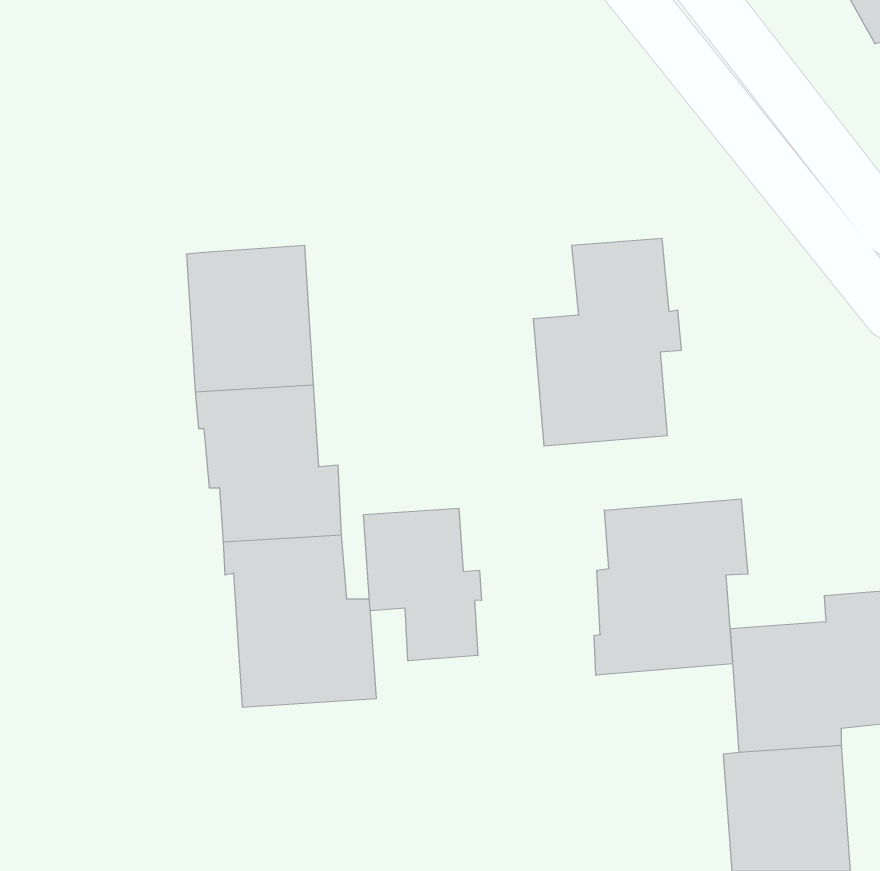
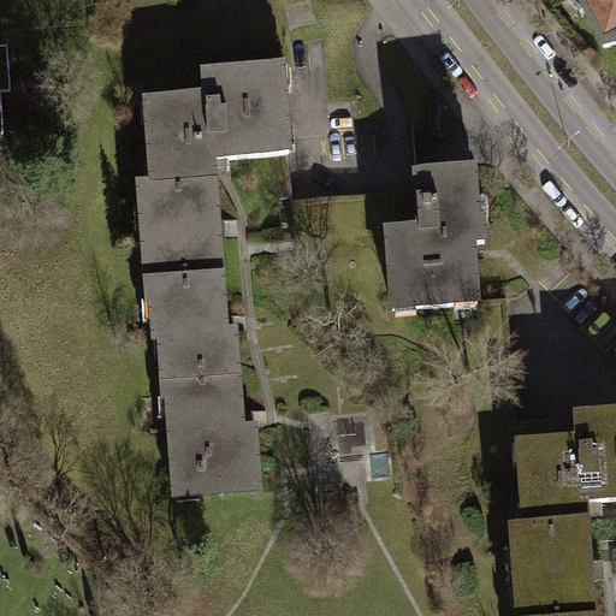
building: none -> [143,61,289,174]
building: [594,499,748,675] -> none
building: [363,508,481,661] -> none

